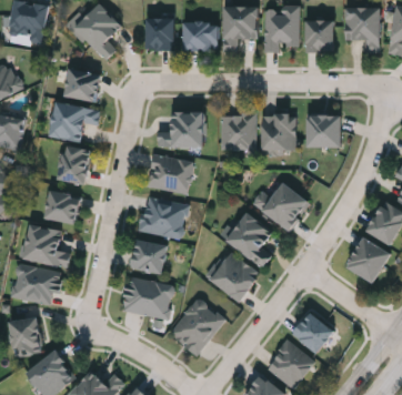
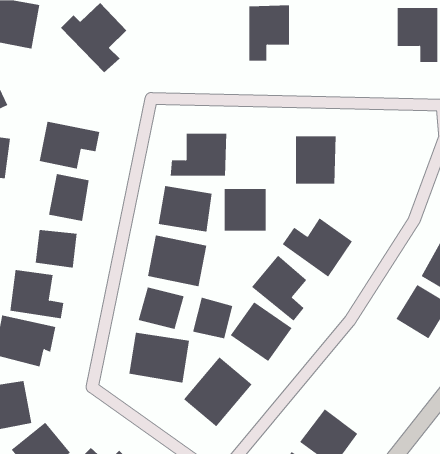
building: [263,6,298,51] -> none
building: [144,18,174,50] -> none
building: [304,19,334,51] -> none
building: [182,20,218,50] -> none
building: [62,68,100,102] -> none
building: [219,113,254,149] -> [224,188,266,231]
building: [306,114,340,146] -> none
building: none -> [193,297,233,339]
building: [291,311,333,353] -> none

